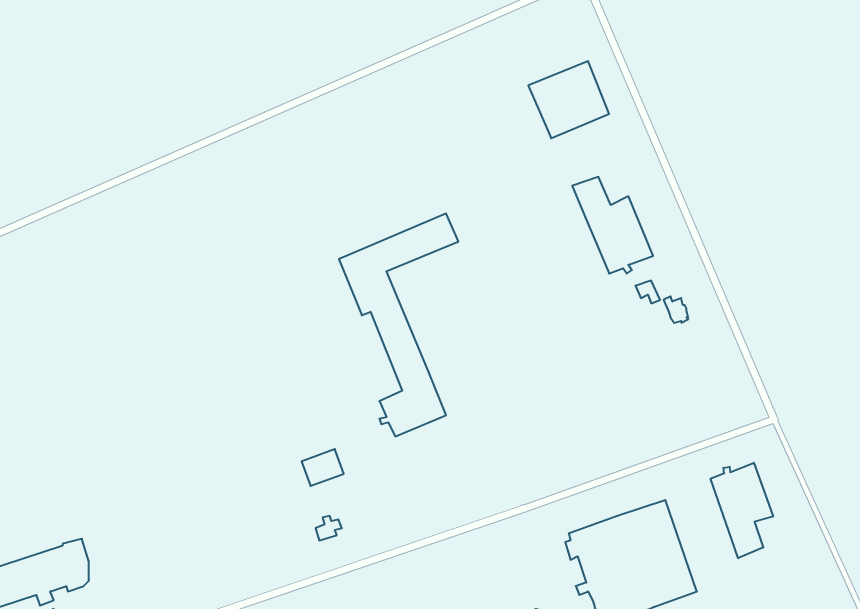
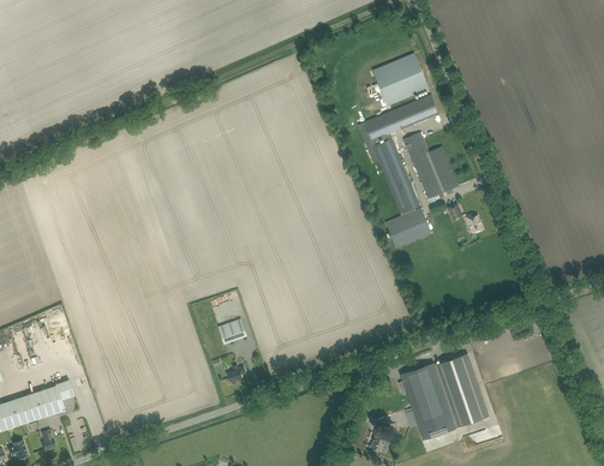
building: [339,213,458,436] -> [358,94,439,246]
building: [711,463,773,558] -> none

